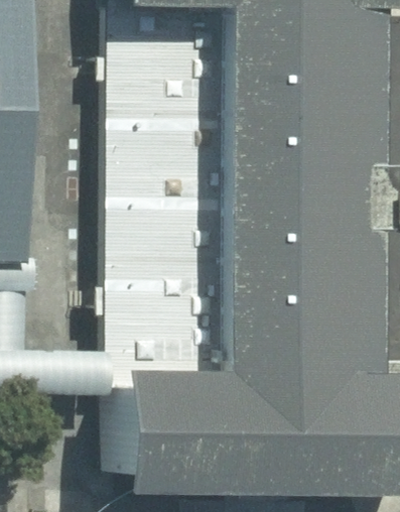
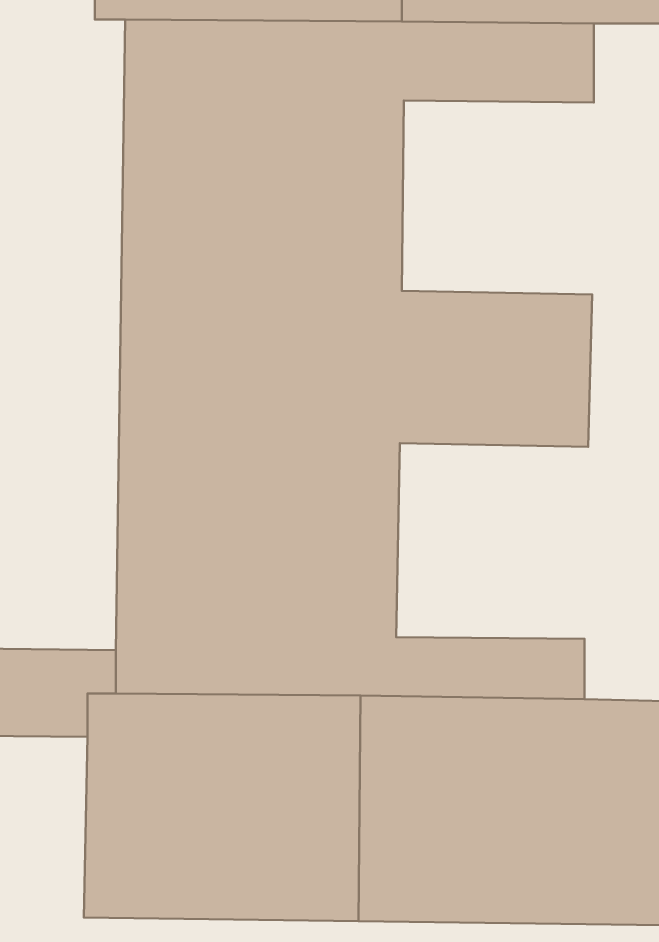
building: [248,54,351,158] -> none
building: [245,238,348,343] -> none

